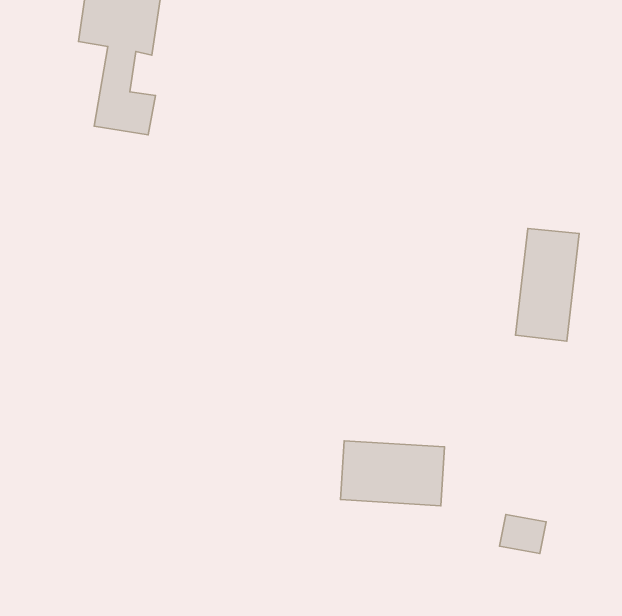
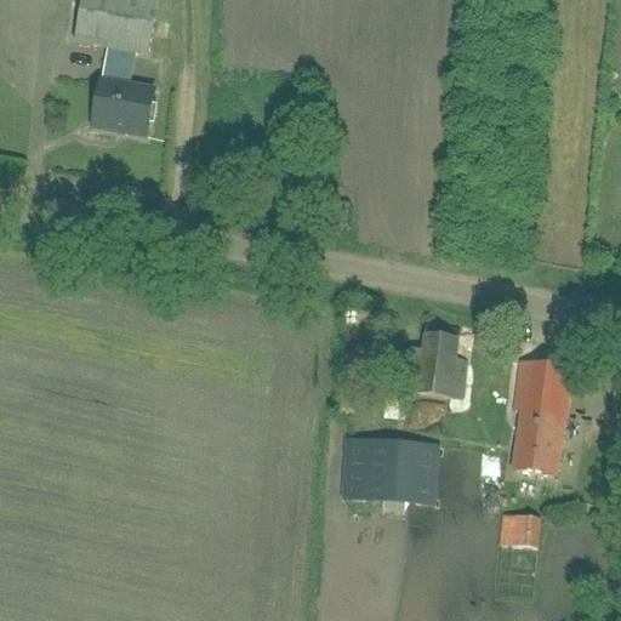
building: [515,229,579,341] -> [508,358,571,469]
building: none -> [420,334,465,395]

